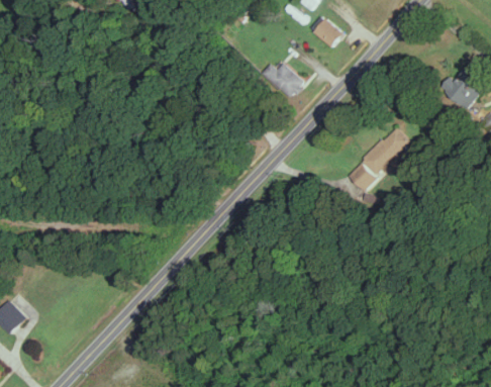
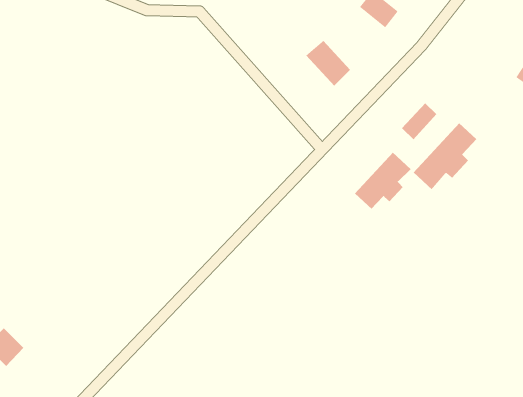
building: none -> [401,102,437,140]
building: none -> [354,152,411,210]

